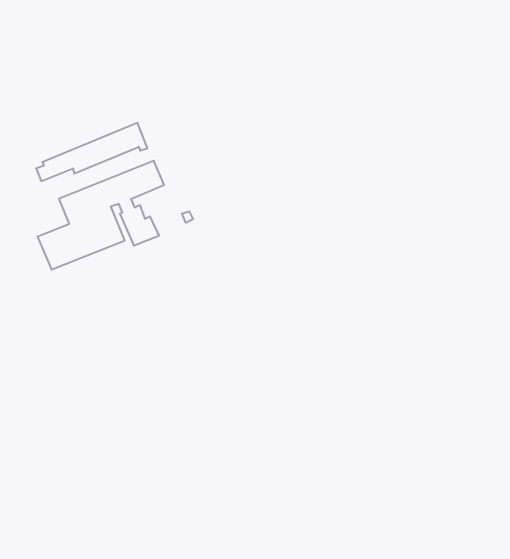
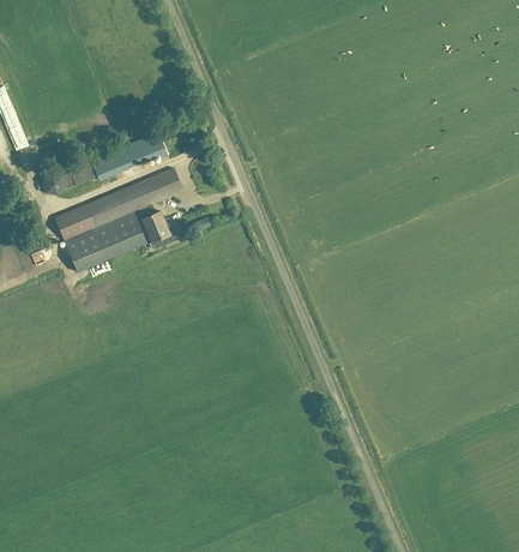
building: none -> [53,204,92,240]

